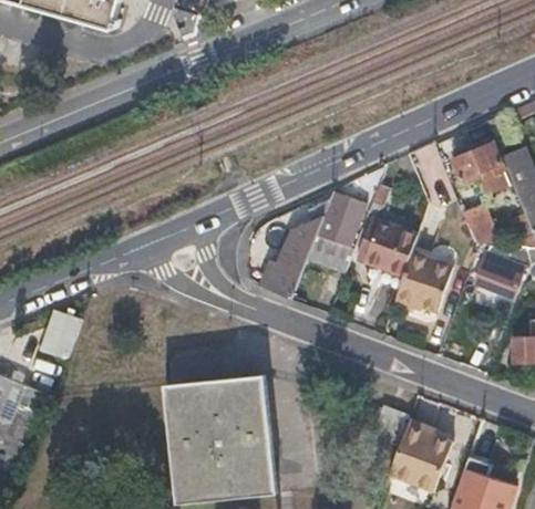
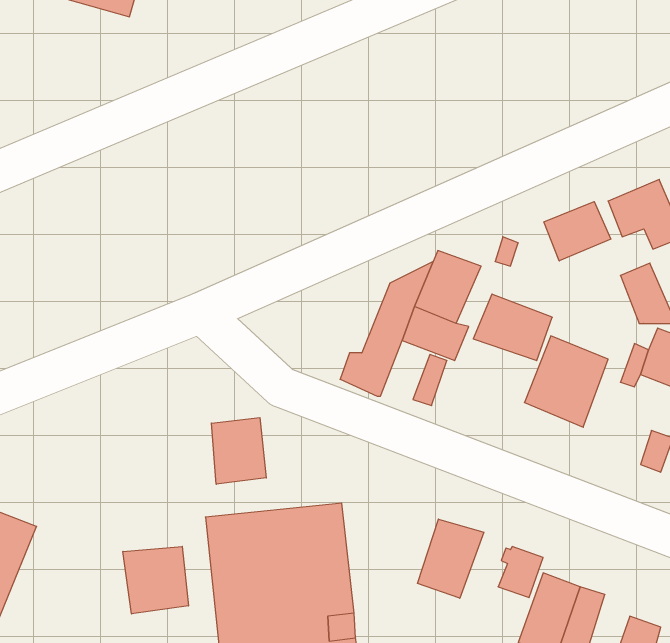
building: none -> [544,202,611,261]
building: [47,311,83,356] -> none
building: none -> [211,418,266,484]
building: none -> [418,519,484,598]
building: none -> [123,546,188,614]

